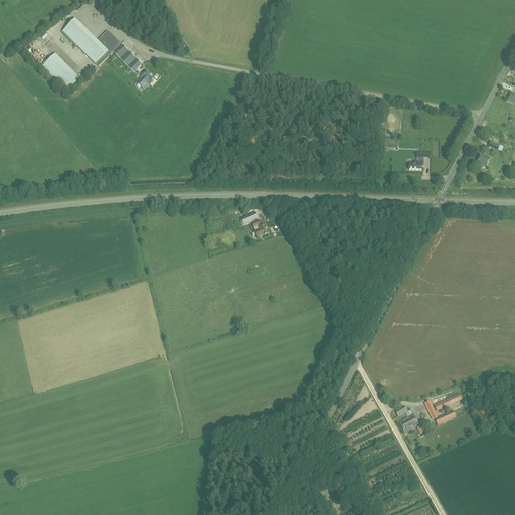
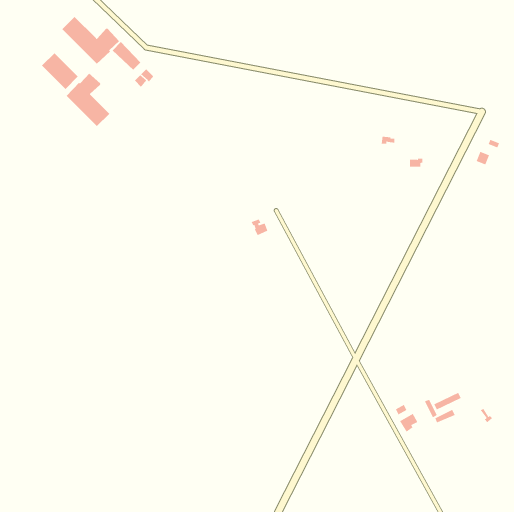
building: none -> [66,73,110,127]

